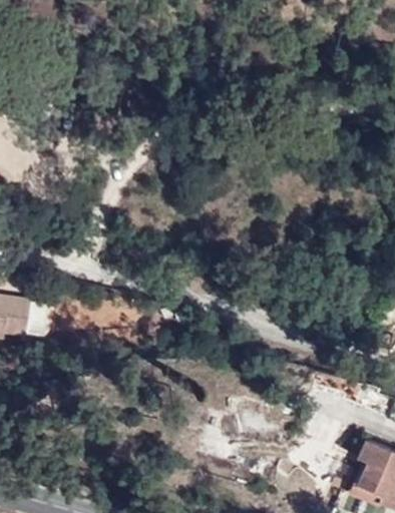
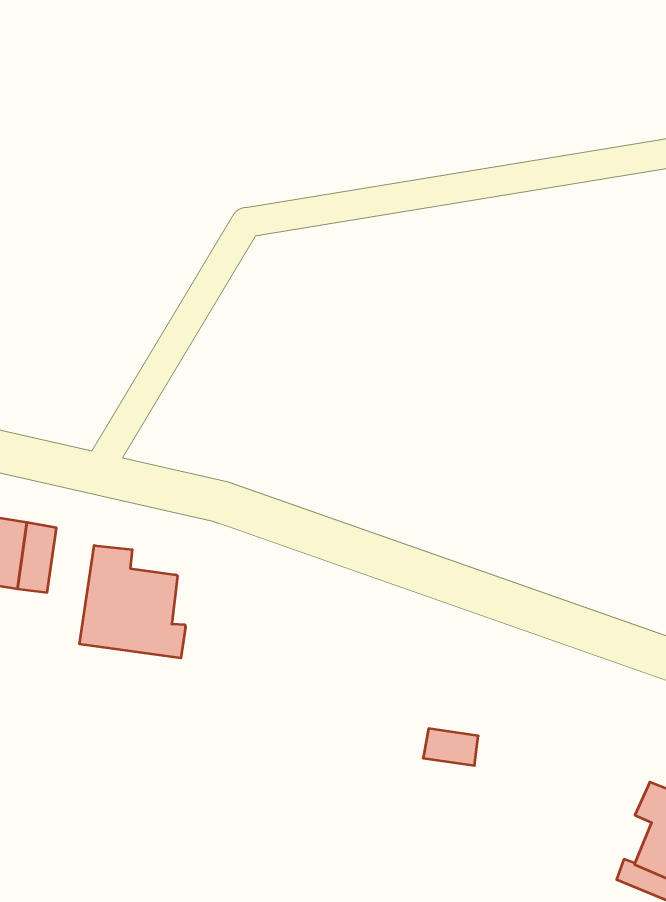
building: none -> [80,545,185,658]

